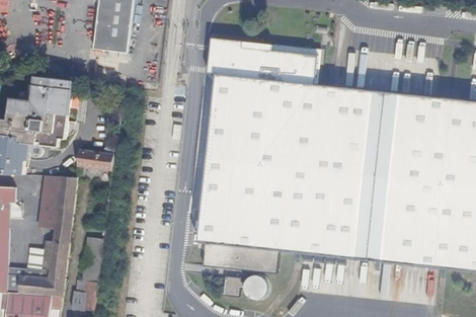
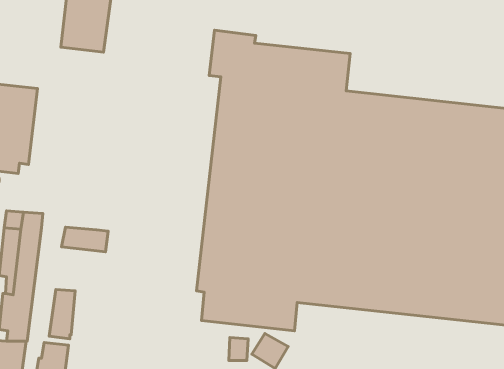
building: [77,151,113,170] -> [62,227,108,252]

